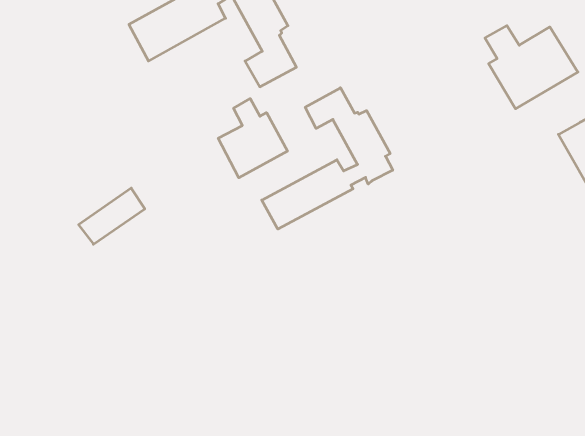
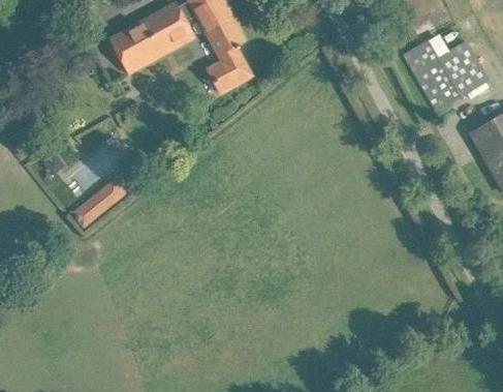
building: [262,88,393,229] -> none
building: [218,99,287,178] -> none

